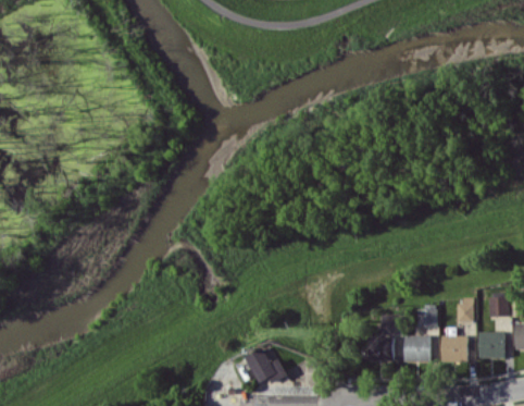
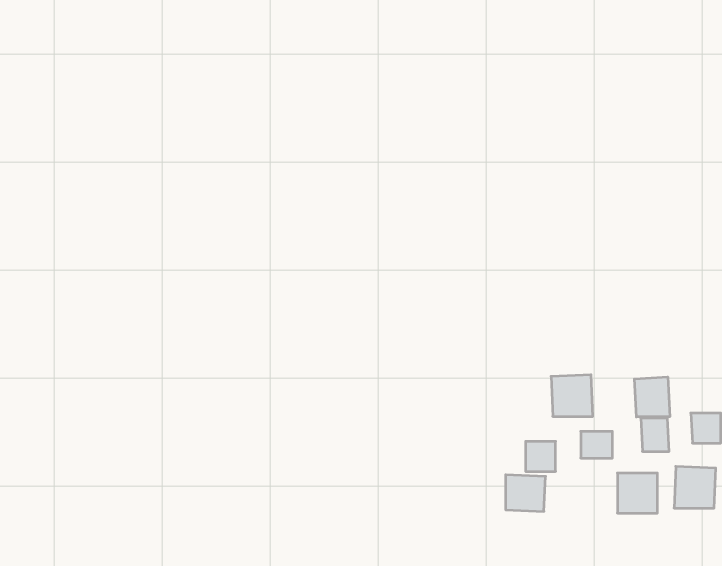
building: none -> [634,377,670,417]
building: [403,335,431,362] -> [551,375,593,416]
building: [246,347,288,384] -> none

